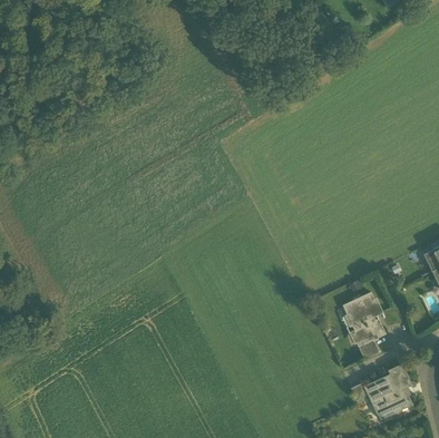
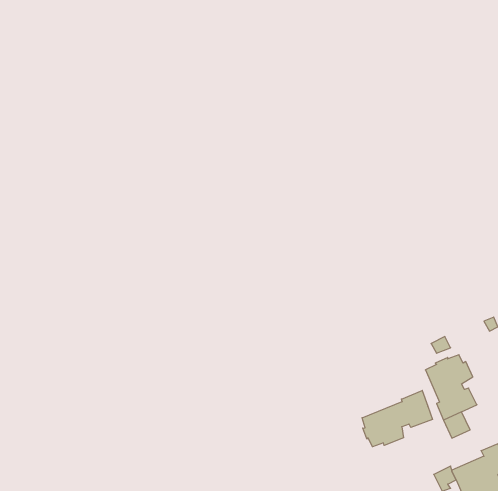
building: none -> [362,390,433,447]

